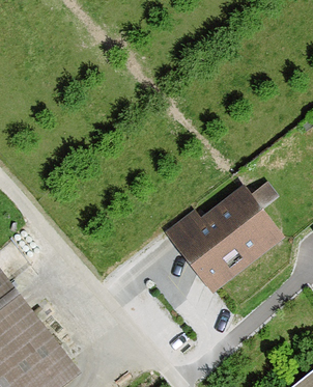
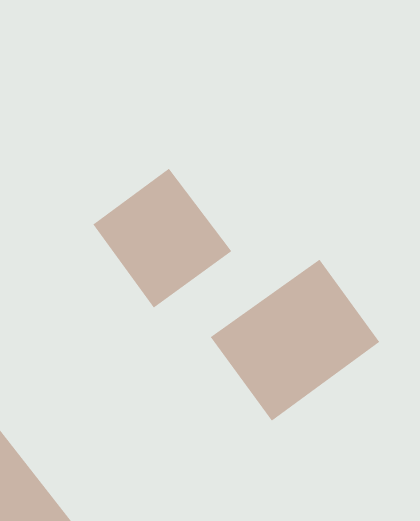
building: none -> [92,168,232,309]

